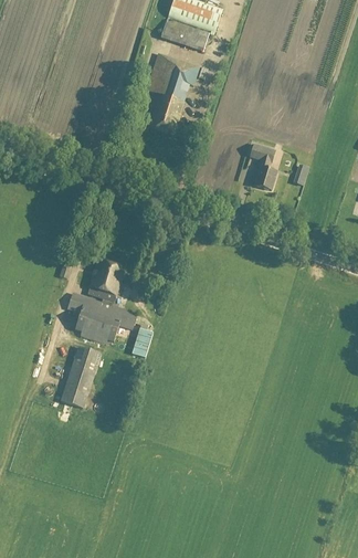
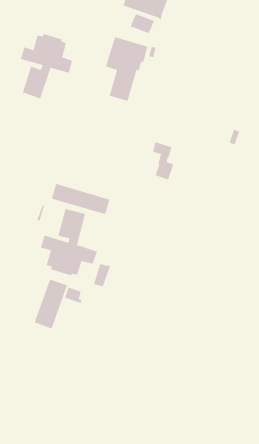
building: none -> [20,33,72,99]
building: [250,145,276,191] -> [152,142,174,180]
building: none -> [51,183,110,215]

